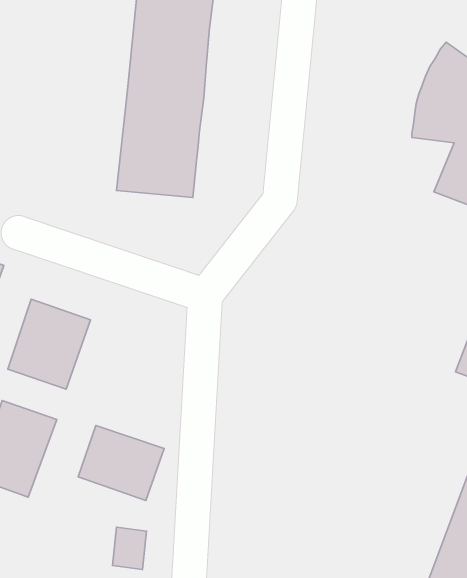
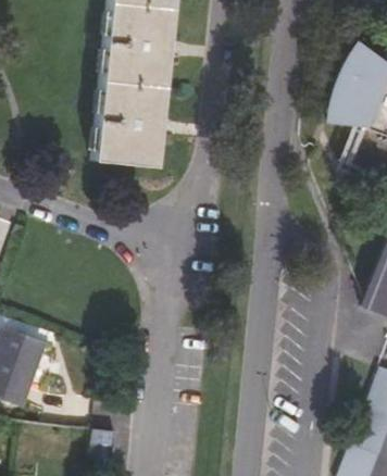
building: [8,299,91,389] -> none
building: [78,426,164,501] -> none

